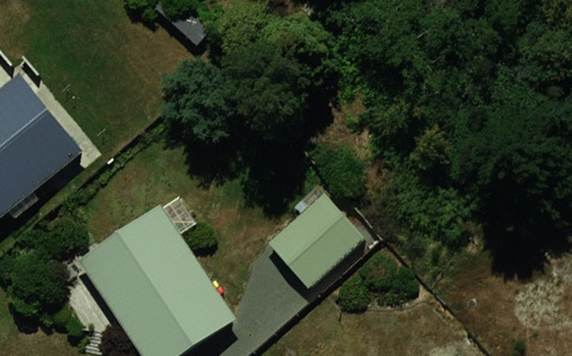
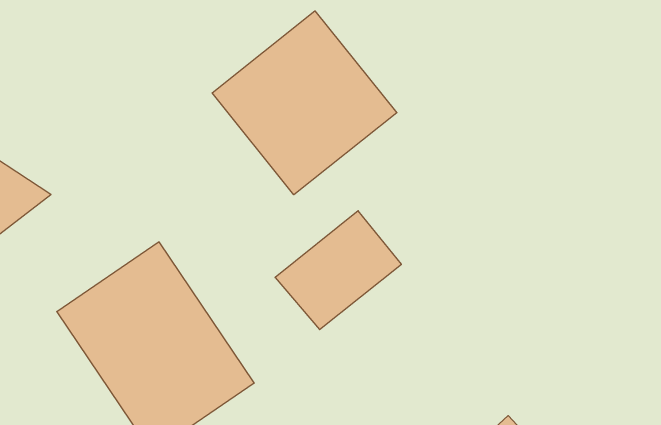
building: none -> [212,11,397,195]

